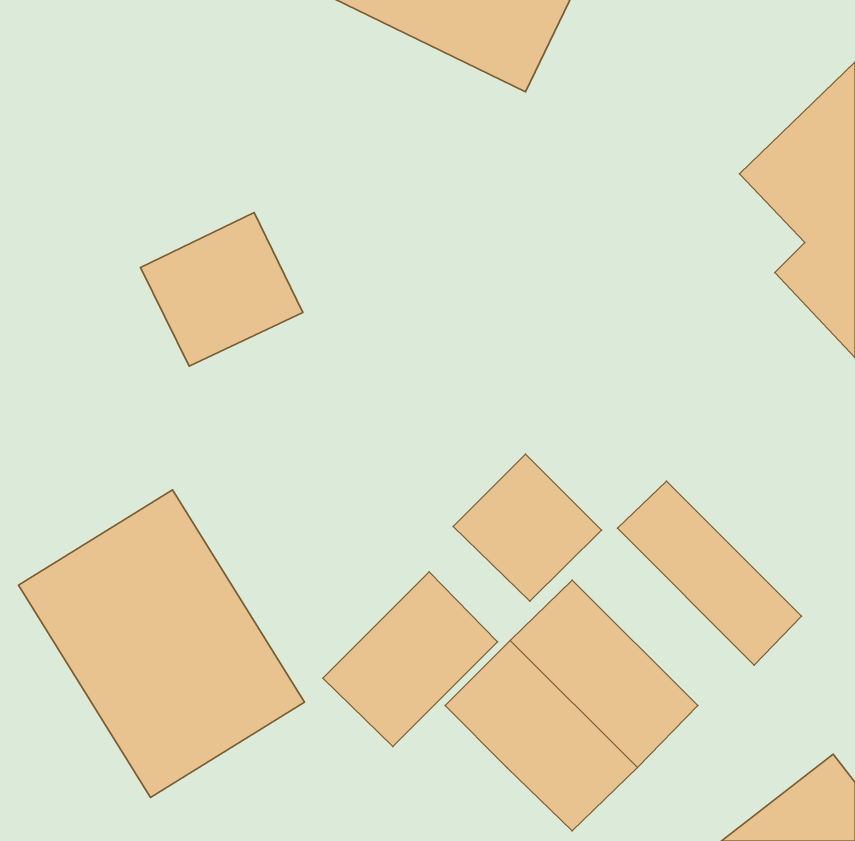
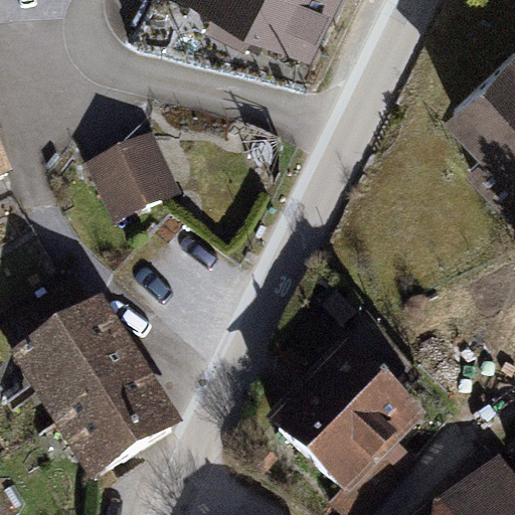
building: [453,454,601,601] -> none
building: [617,481,802,665] -> none
building: [323,572,498,747] -> none

